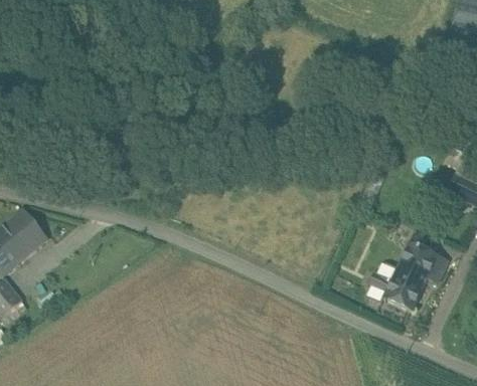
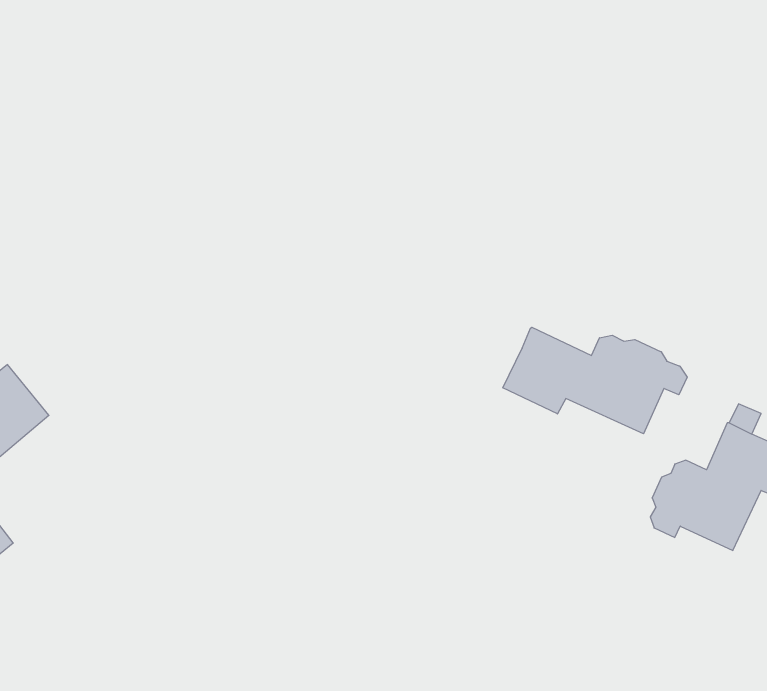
building: none -> [503,327,687,434]

